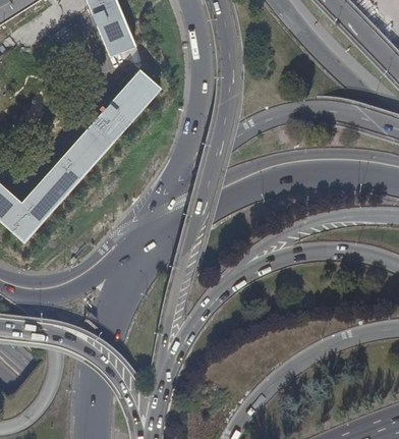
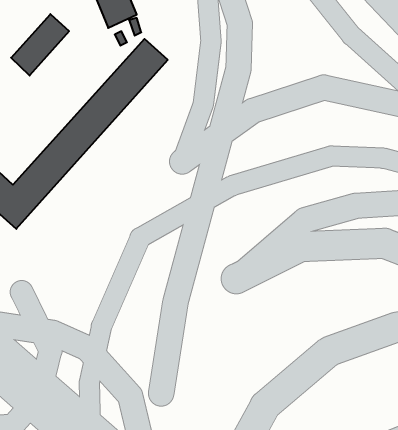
building: none -> [11,14,69,76]

